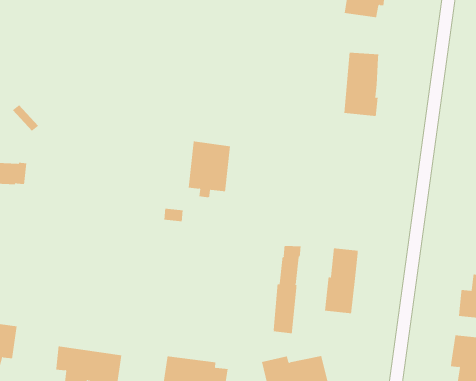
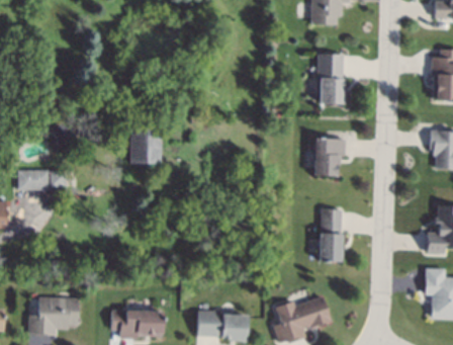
building: [188,141,231,198] -> [128,125,159,169]
building: none -> [315,139,345,174]
building: [273,245,301,334] -> none

